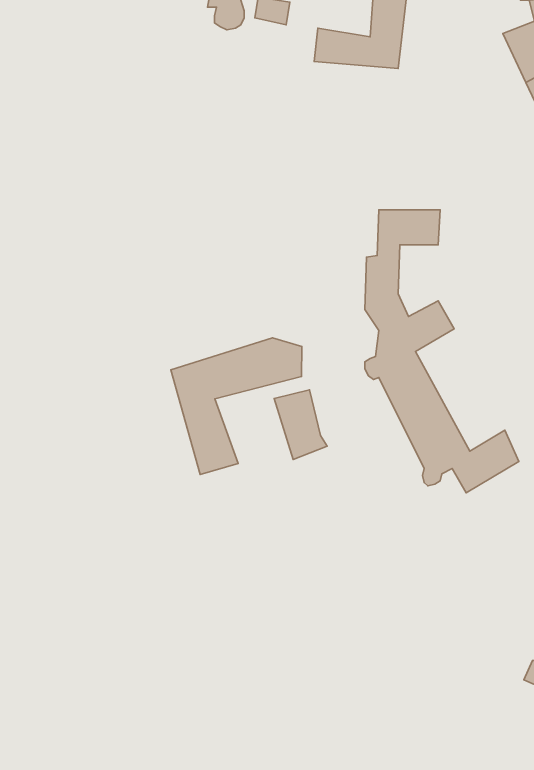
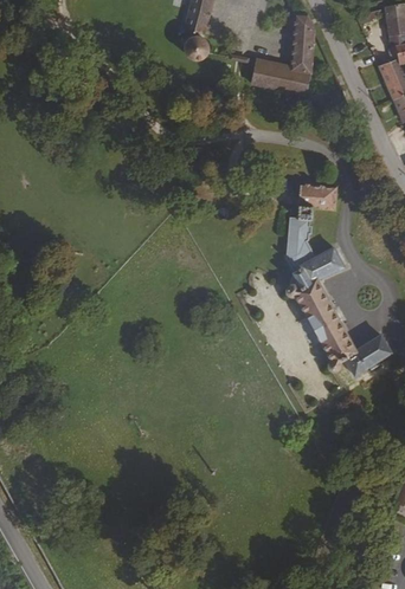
building: [171,338,302,475] -> none
building: [274,390,327,459] -> none

